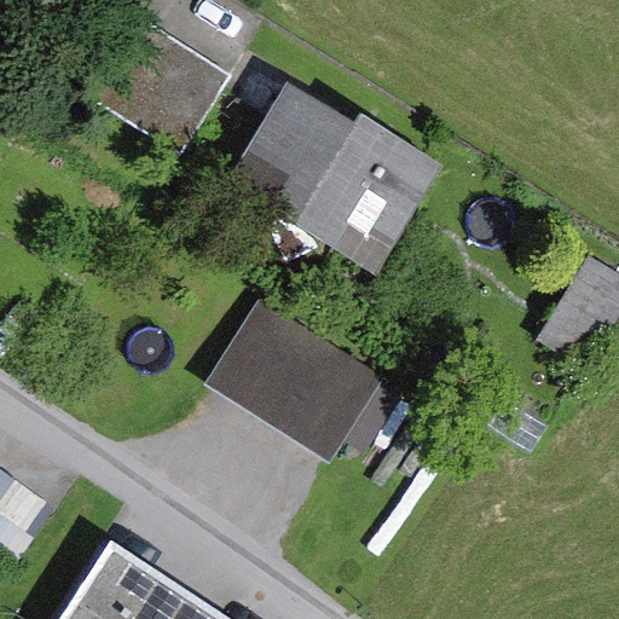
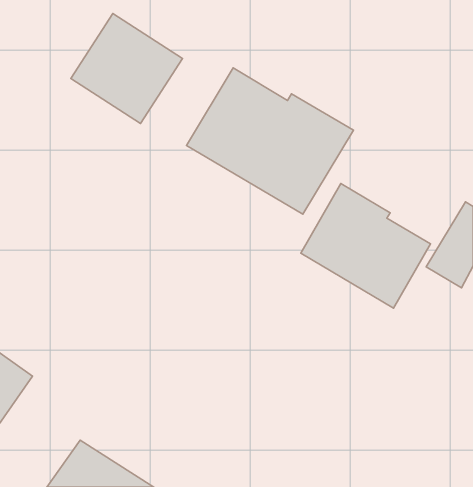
building: none -> [301,183,431,308]
building: [209,302,382,457] -> none

